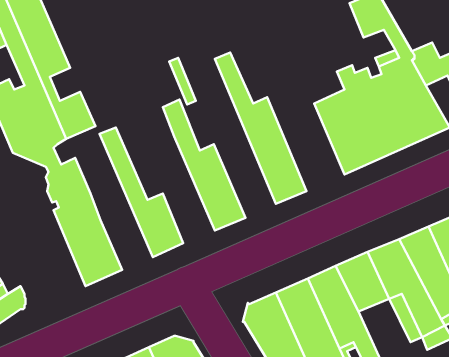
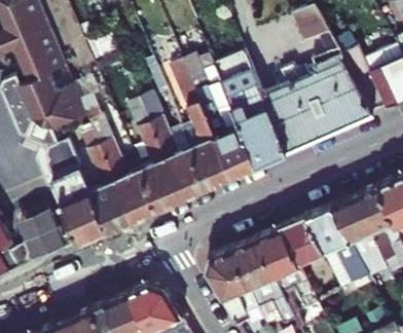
building: none -> [214,52,287,168]
building: none -> [169,61,231,189]
building: none -> [137,123,182,210]
building: none -> [86,145,132,231]
building: none -> [16,210,65,260]

